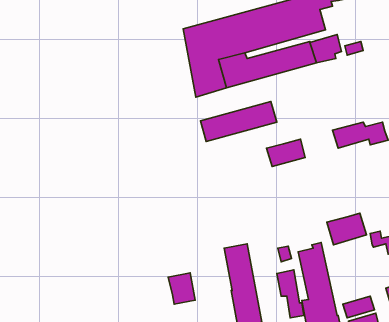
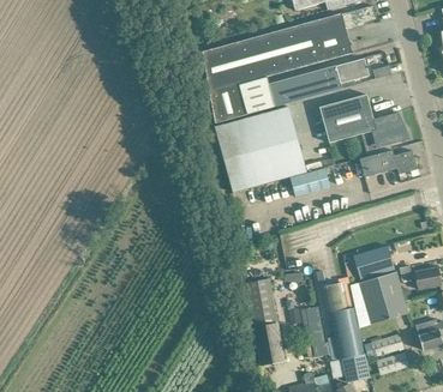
building: none -> [319,94,409,147]
building: none -> [214,107,294,149]
building: none -> [226,150,306,192]
building: none -> [359,271,407,324]
building: [168,273,195,304] -> none

